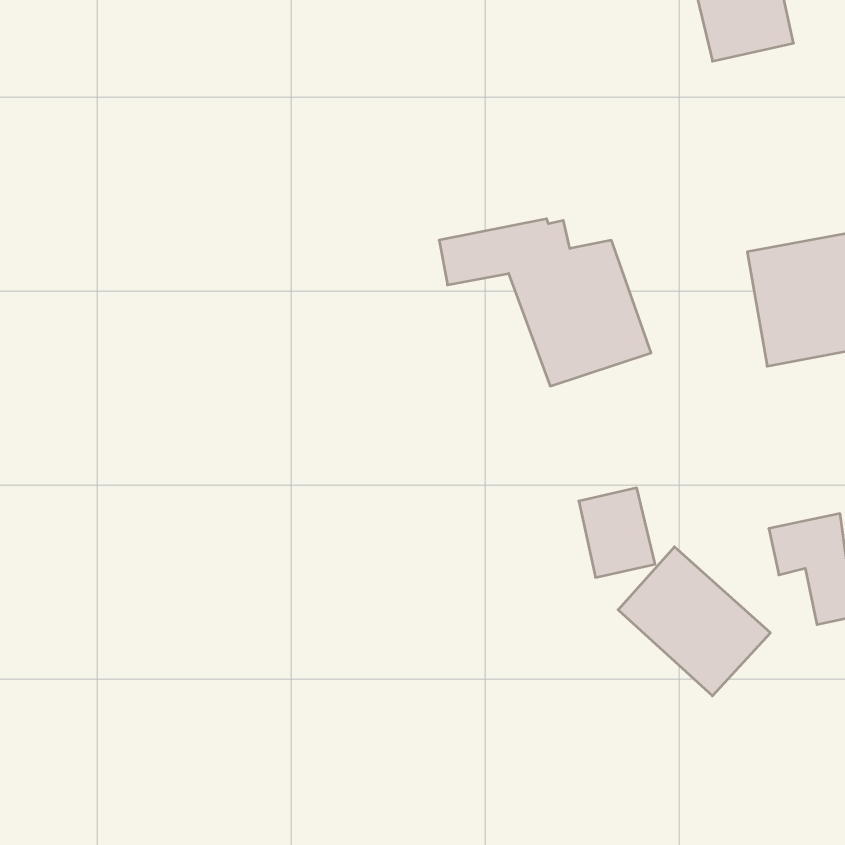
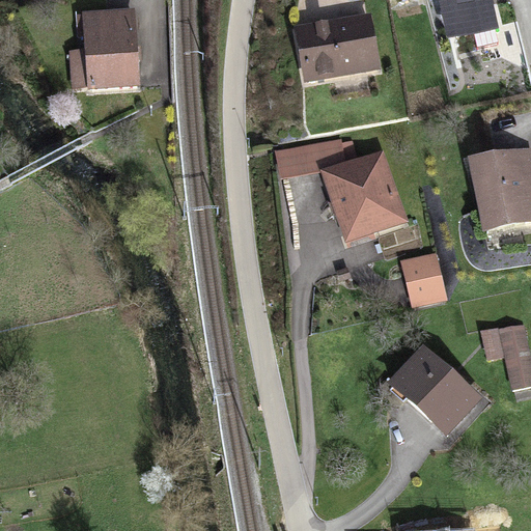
building: none -> [69,7,140,88]
building: none -> [294,12,382,82]
building: [579,488,655,577] -> [400,251,448,307]

